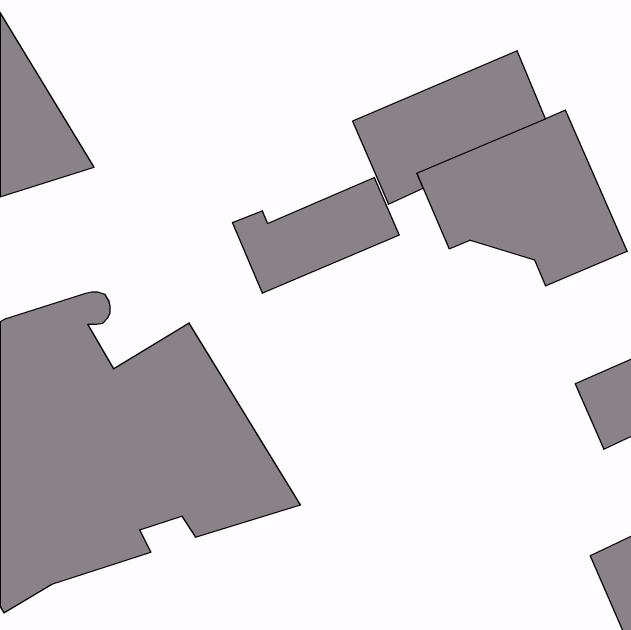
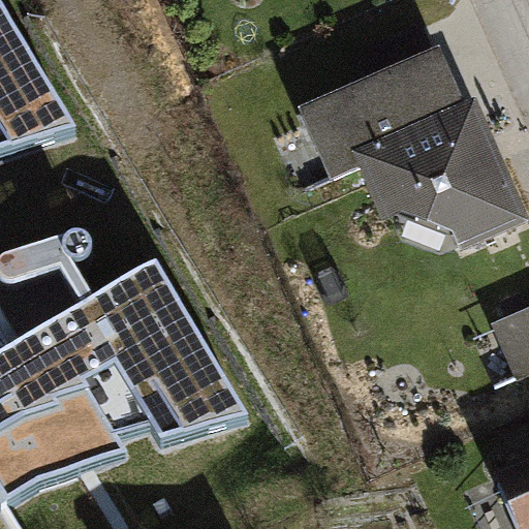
building: [233,177,399,293] -> none

